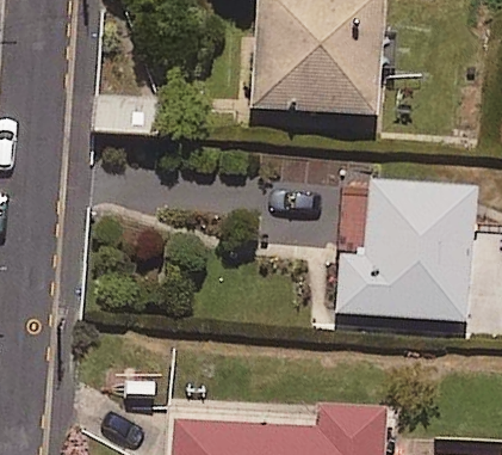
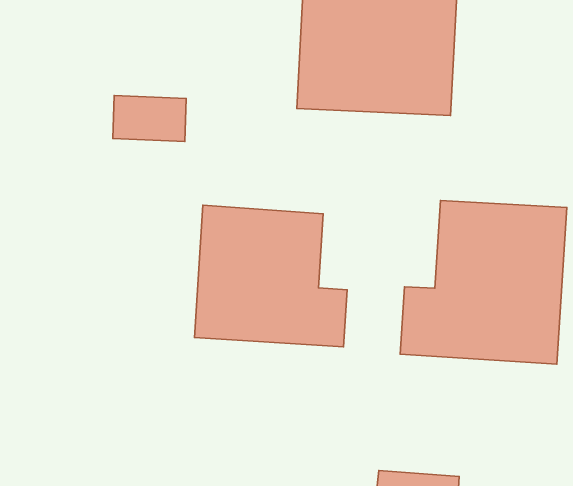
building: none -> [194,205,347,347]

